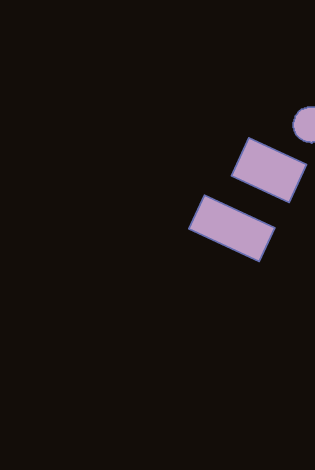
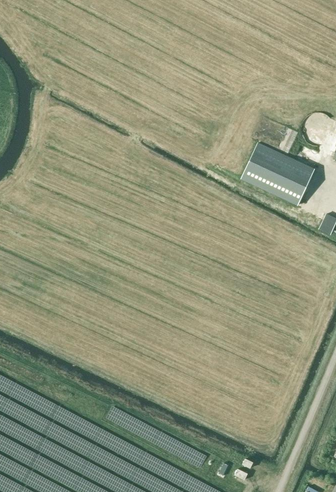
building: [189,195,275,261] -> none

